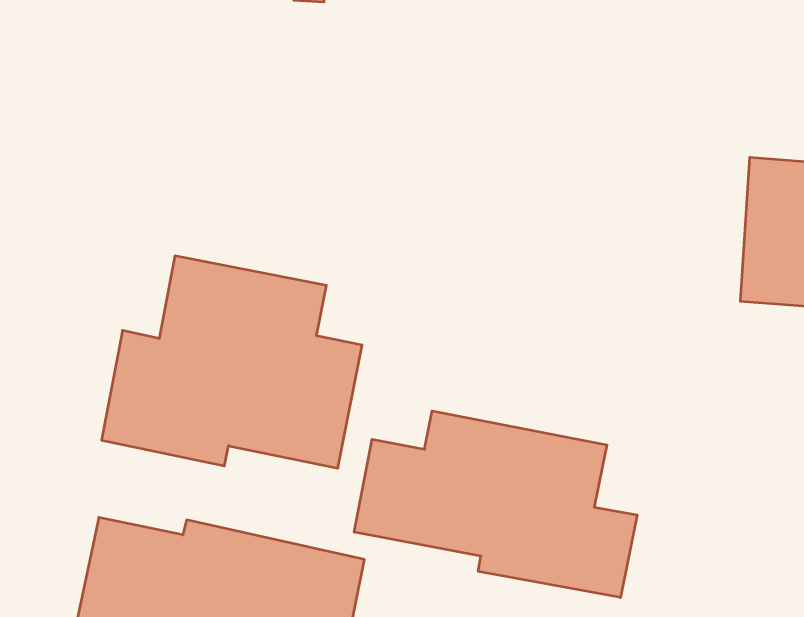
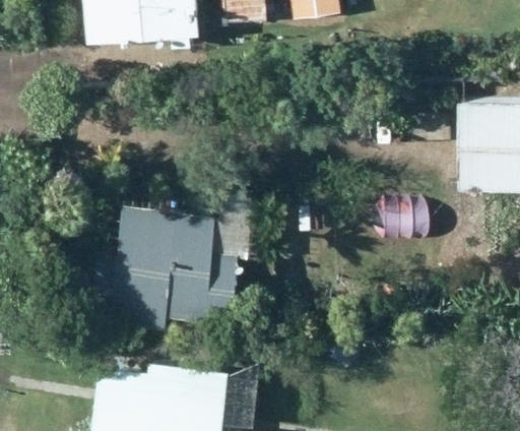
building: [354,411,637,598] -> none

